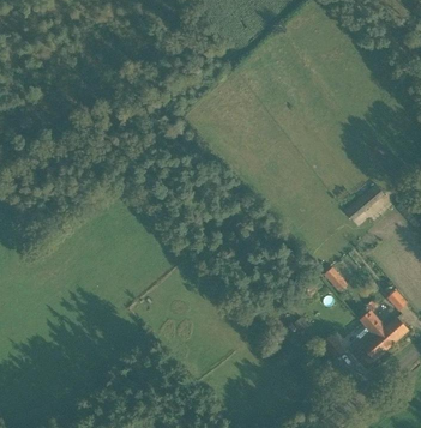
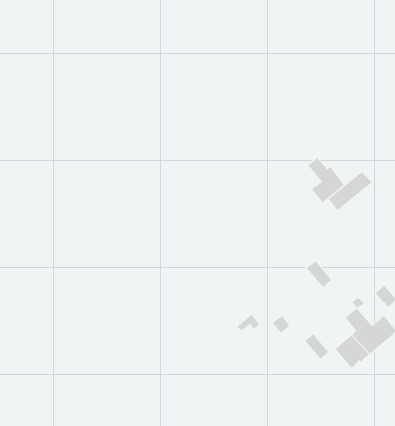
building: none -> [308,157,345,203]

